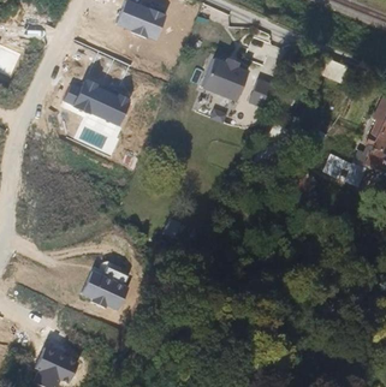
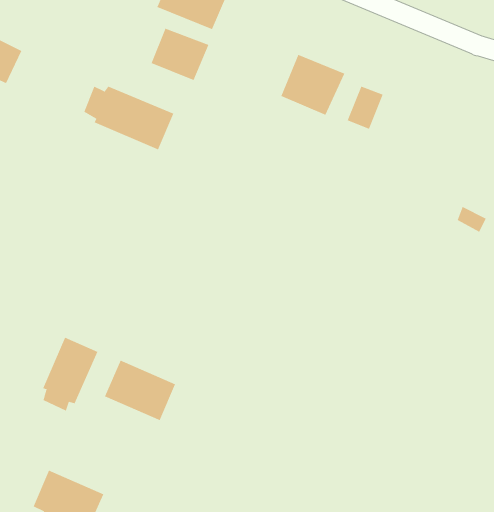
building: none -> [151,28,209,81]
building: none -> [43,337,98,411]

